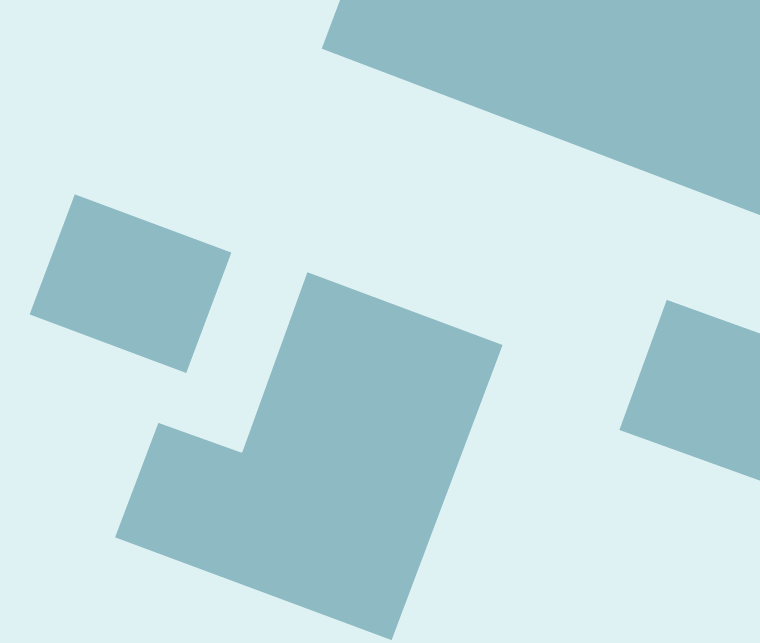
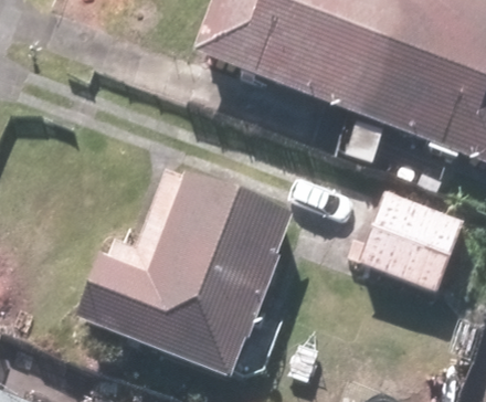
building: [29,193,232,374] -> none

